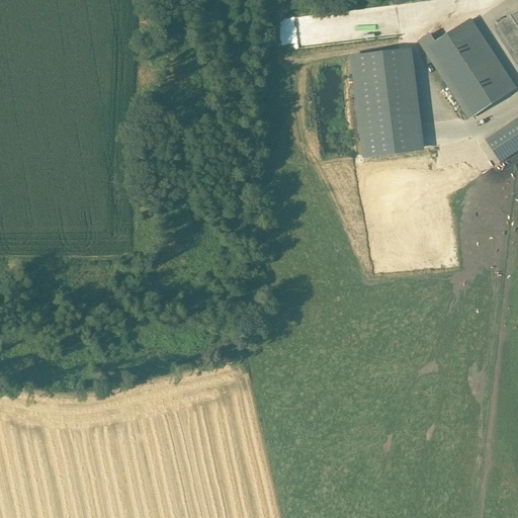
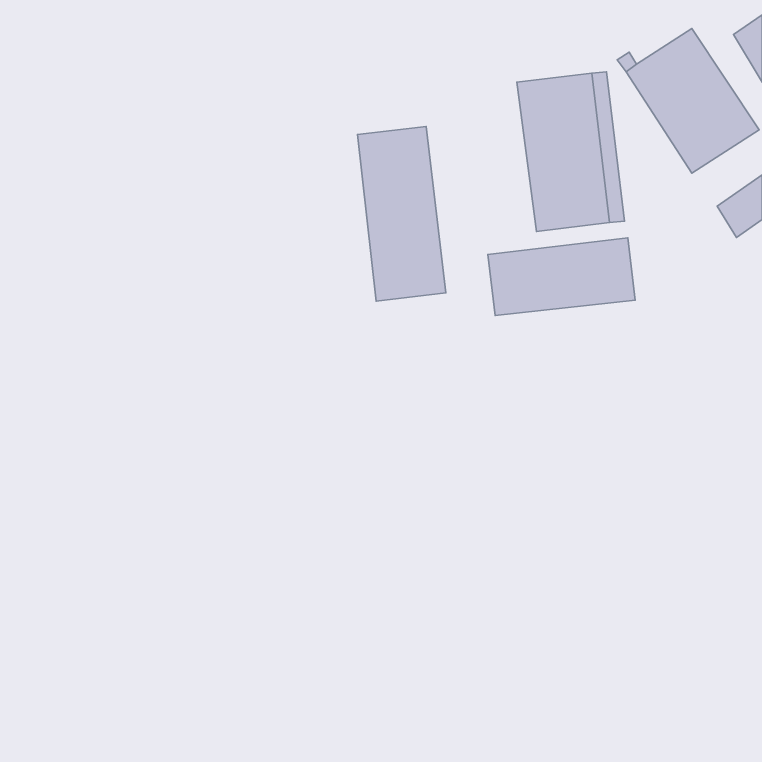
building: none -> [358,127,446,301]
building: none -> [488,238,635,316]

